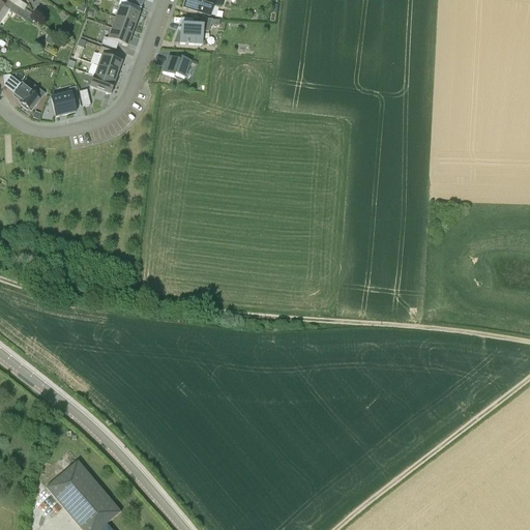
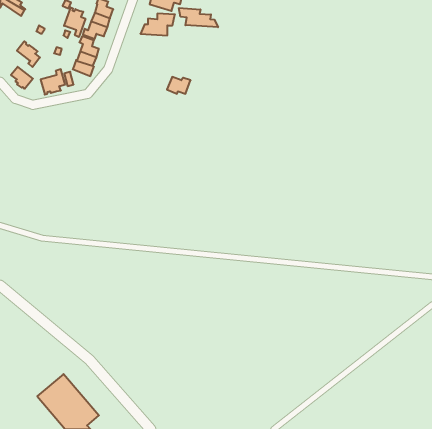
building: none -> [64,7,85,37]
building: none -> [179,8,218,27]
building: none -> [17,41,40,67]
building: [161,55,190,76] -> [167,77,191,94]

